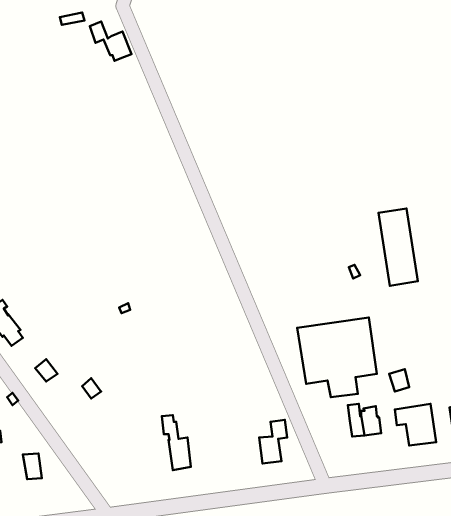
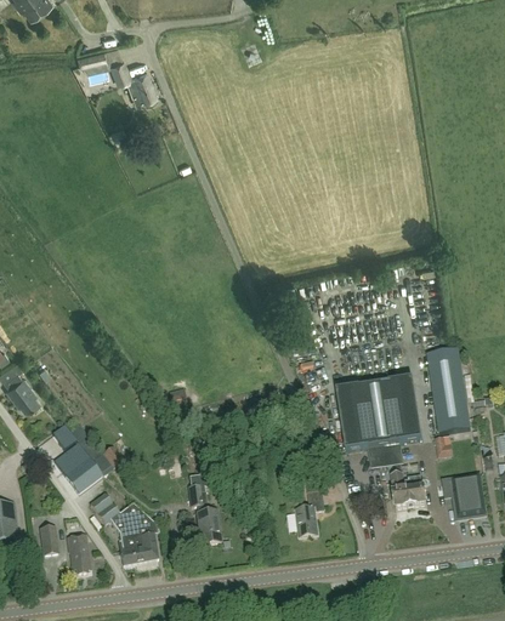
building: [379,208,418,286] -> [426,348,469,432]
building: none -> [52,441,101,492]
building: none -> [89,491,158,564]
building: none -> [66,532,90,572]

